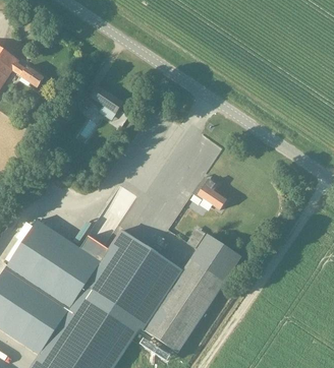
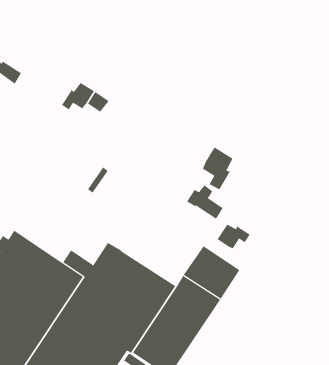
building: none -> [202,147,233,190]
building: none -> [217,224,250,249]

